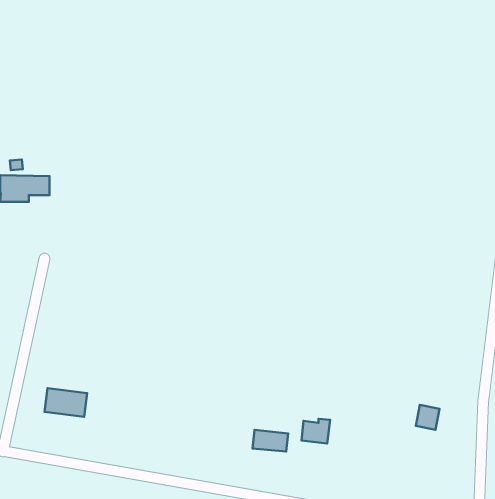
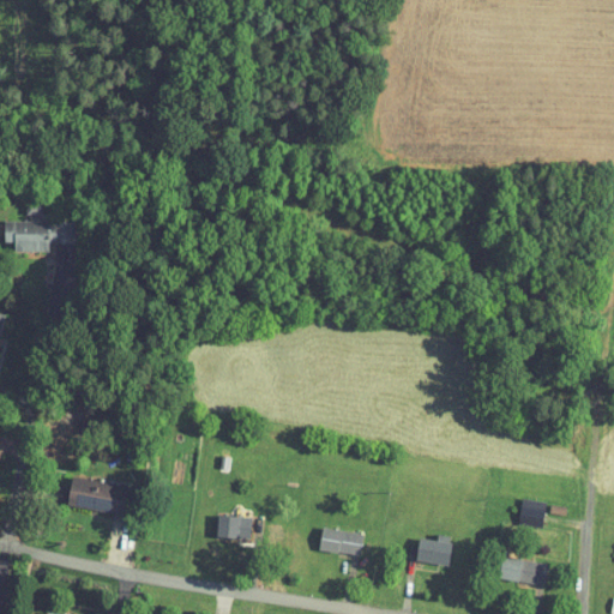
building: [302,419,330,444] -> [416,536,451,566]
building: none -> [217,517,251,540]
building: none -> [499,556,547,586]

